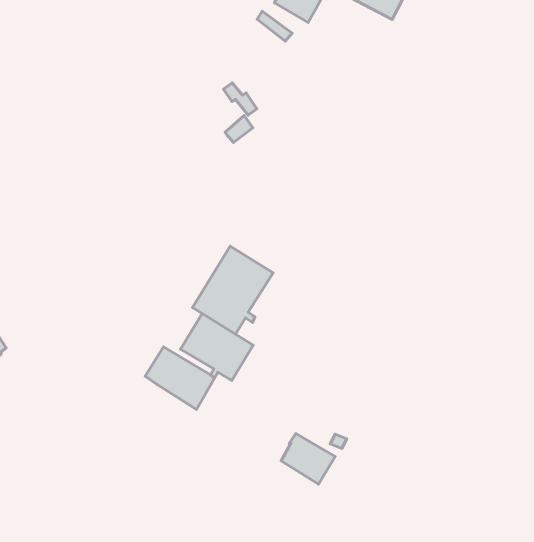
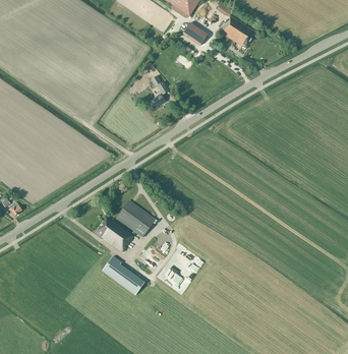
building: [192,246,273,334] -> none
building: none -> [101,255,143,294]

